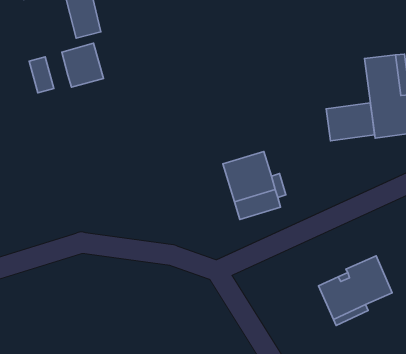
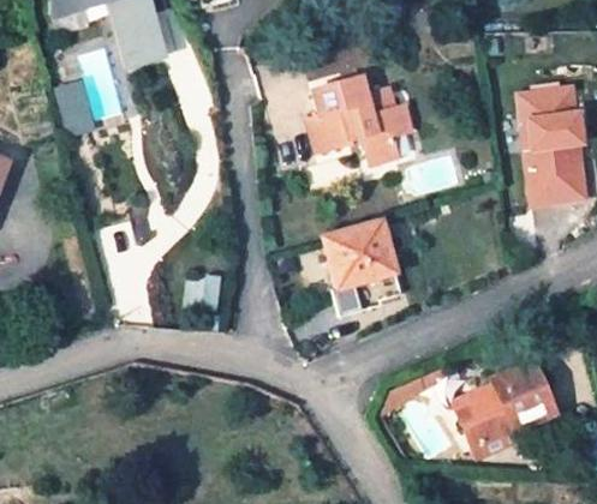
building: [62,43,103,87] -> none
building: none -> [311,74,413,161]
building: [326,103,374,141] -> none

